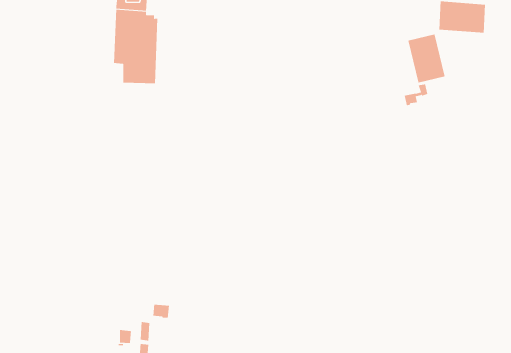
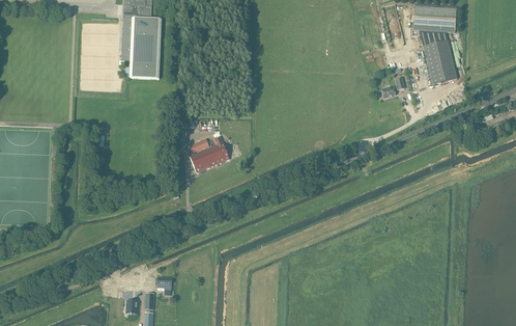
building: [408,34,446,83] -> [422,39,456,84]
building: none -> [189,136,228,172]

